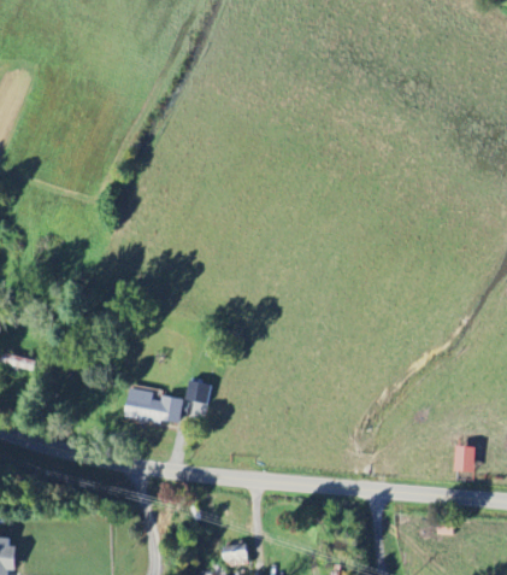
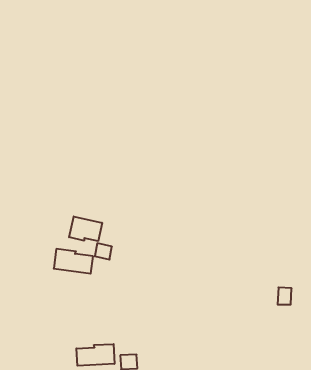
building: none -> [69,216,102,241]
building: none -> [76,344,114,366]

